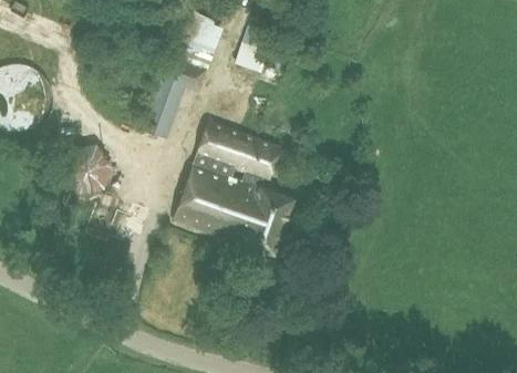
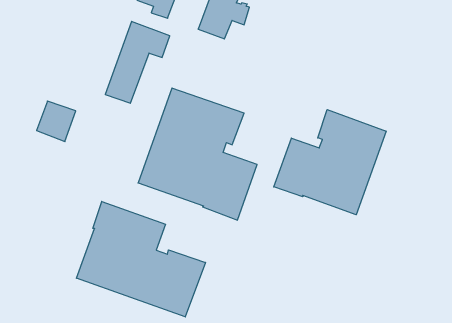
building: none -> [274,110,386,215]
building: none -> [76,201,205,317]

